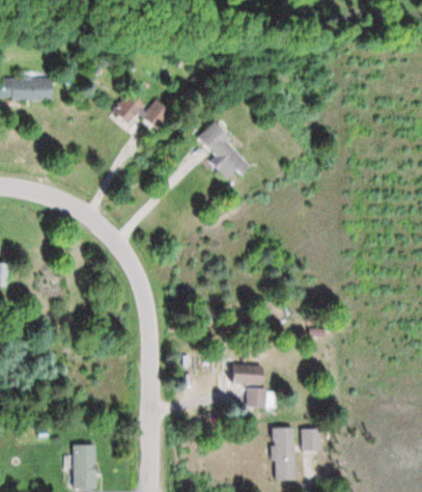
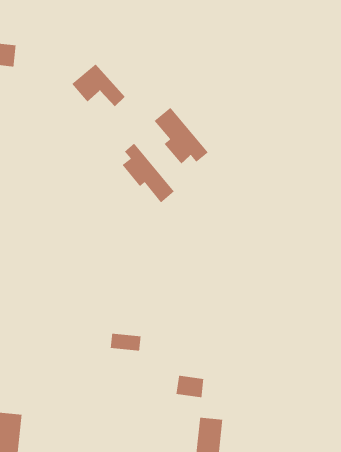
building: none -> [122,143,175,203]
building: [235,367,265,383] -> [110,333,141,351]
building: [301,429,320,450] -> none

